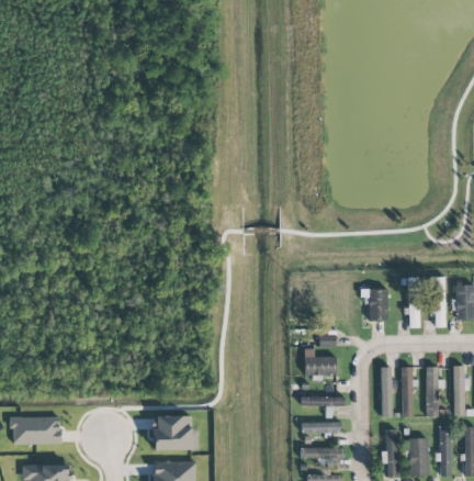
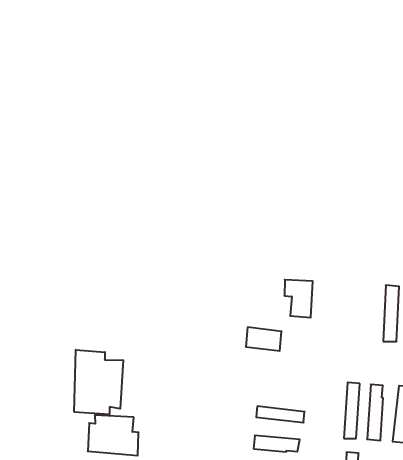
building: [361,289,387,322] -> [284,280,313,318]
building: [305,357,336,376] -> [246,327,282,351]
building: none -> [74,350,123,415]

